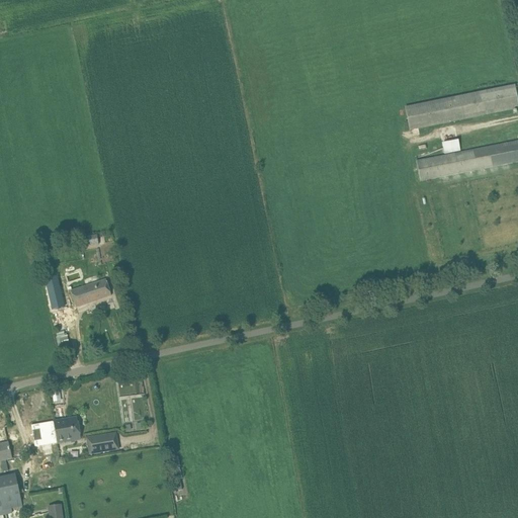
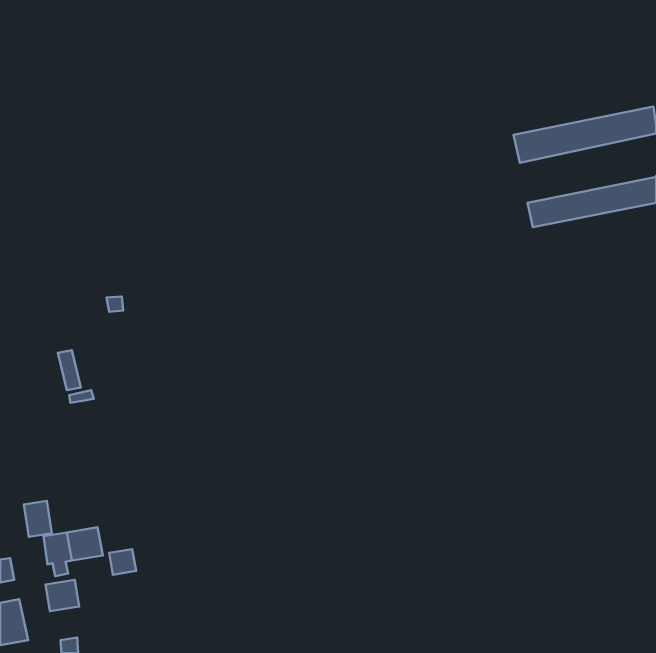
building: [71,278,111,306] -> none
building: none -> [24,501,52,537]
building: none -> [45,580,79,611]

